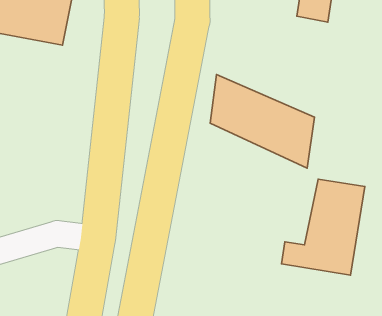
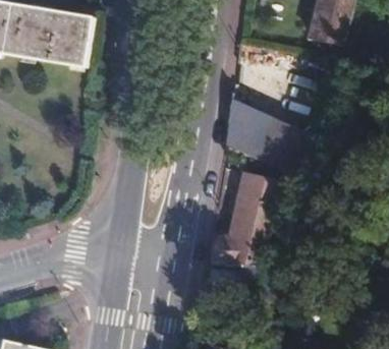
building: [282,179,365,275] -> [202,177,283,271]

